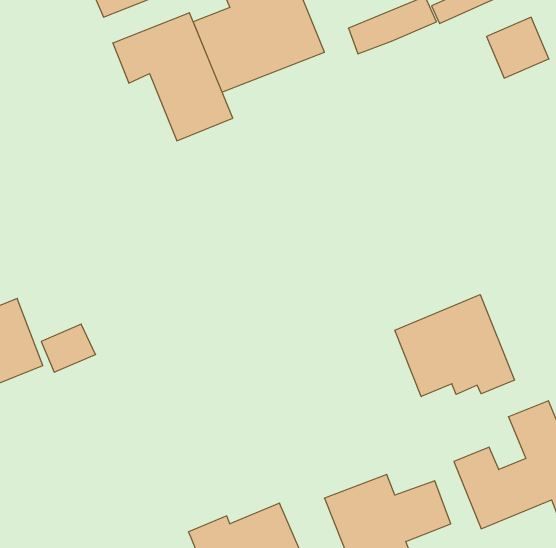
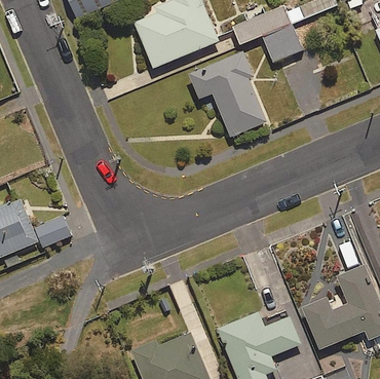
building: [113,13,233,141] -> [189,54,266,137]
building: [487,17,549,78] -> [261,23,301,62]
building: [395,295,515,397] -> none

